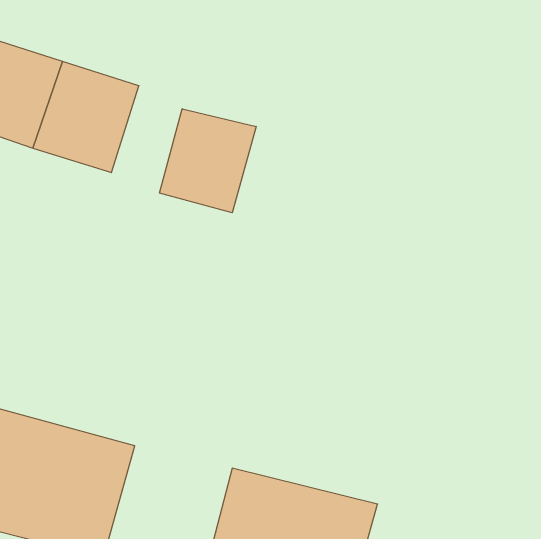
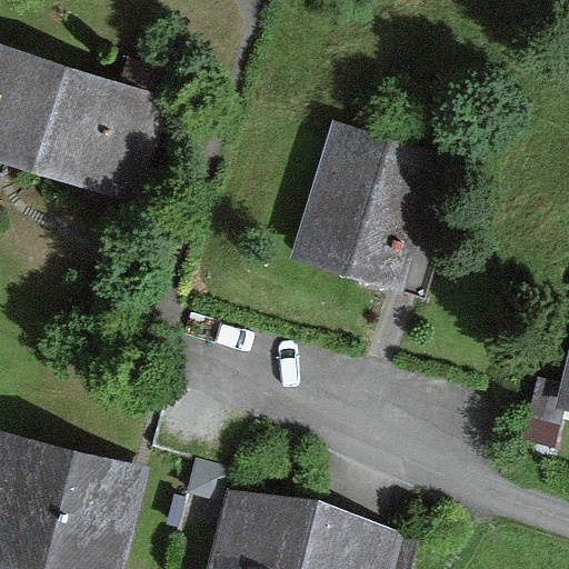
building: [160,109,256,213] -> none
building: none -> [297,128,430,278]

